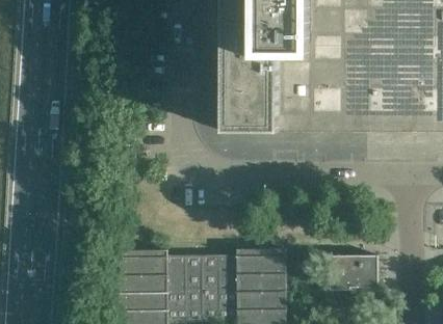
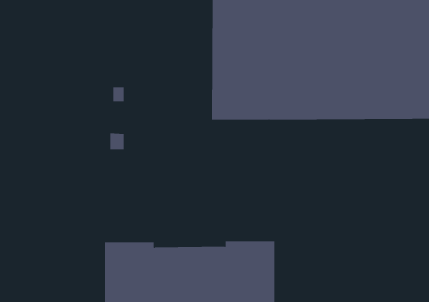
building: [328,255,376,291] -> none

